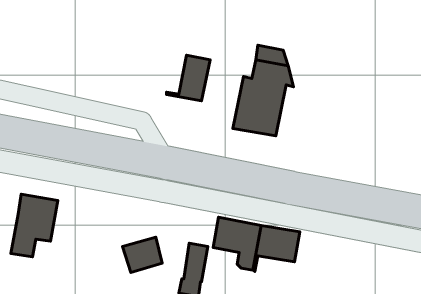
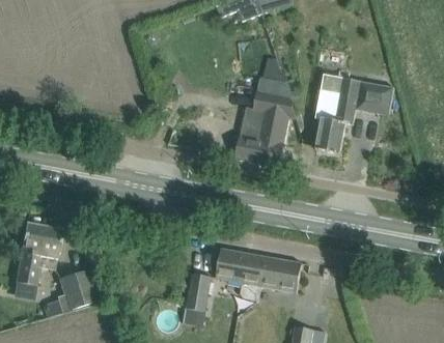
building: none -> [315,73,393,152]
building: [166,55,210,101] -> none
building: [122,237,162,273] -> [61,269,101,305]

